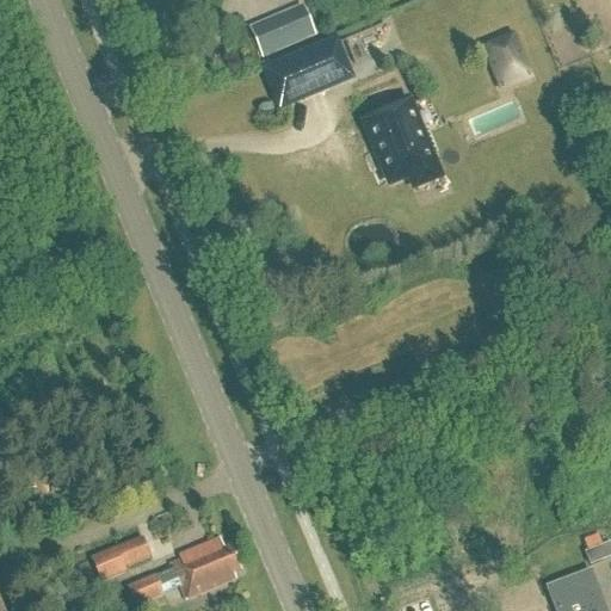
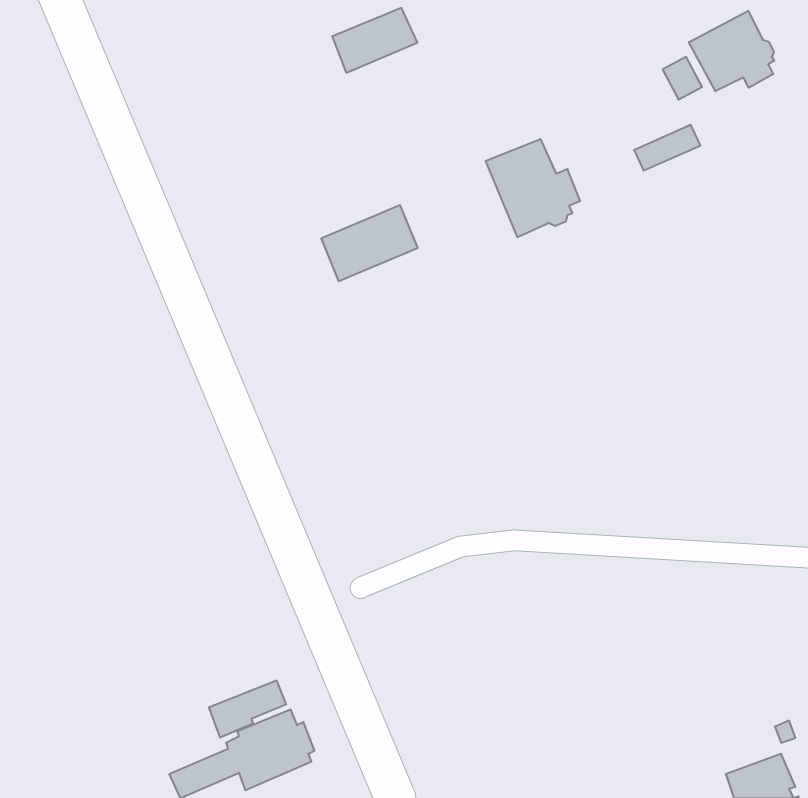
building: none -> [689,11,774,91]
building: [269,44,341,101] -> [321,205,418,281]
building: [92,536,150,579] -> [209,681,286,737]

